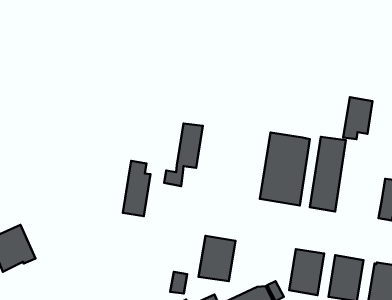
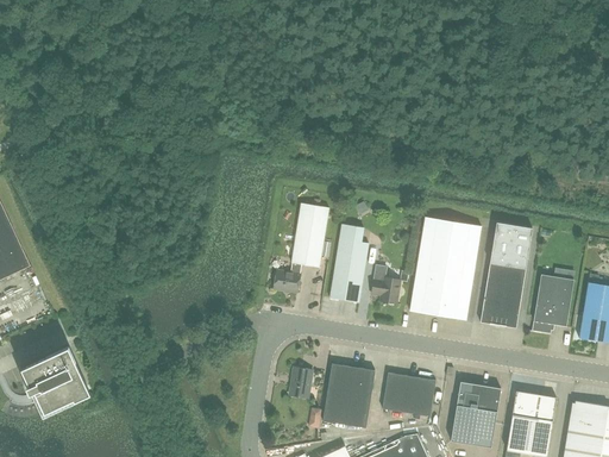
building: [343,97,373,139] -> [532,274,573,333]
building: [123,161,151,216] -> [329,224,369,302]
building: none -> [371,277,400,303]
building: none -> [382,373,435,417]
building: [170,272,187,294] -> [289,367,313,397]

